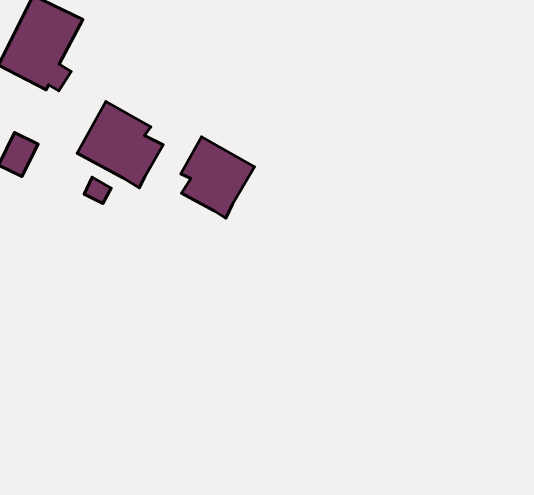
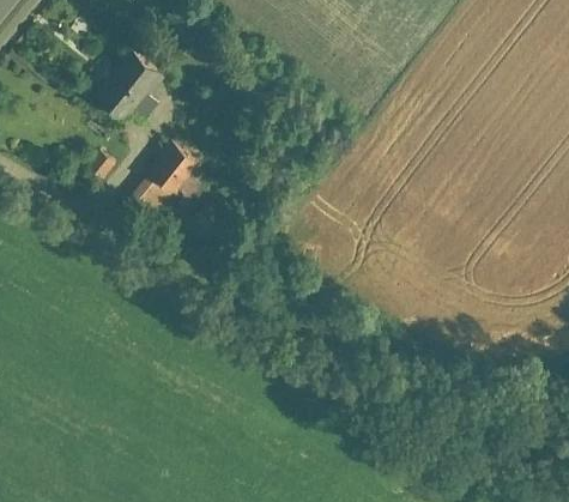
building: [181,137,255,218] -> none

